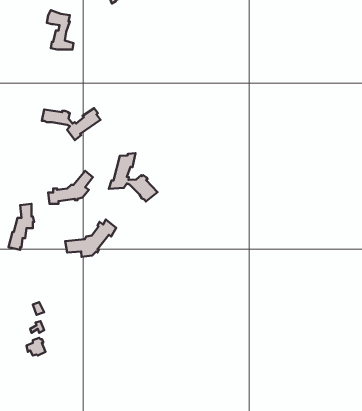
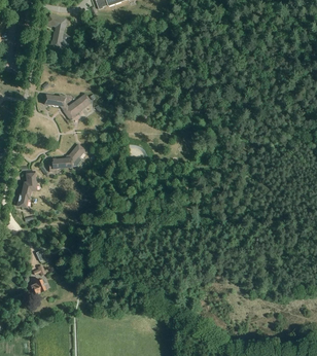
building: [109,153,157,202] -> none
building: [65,219,116,257] -> none

